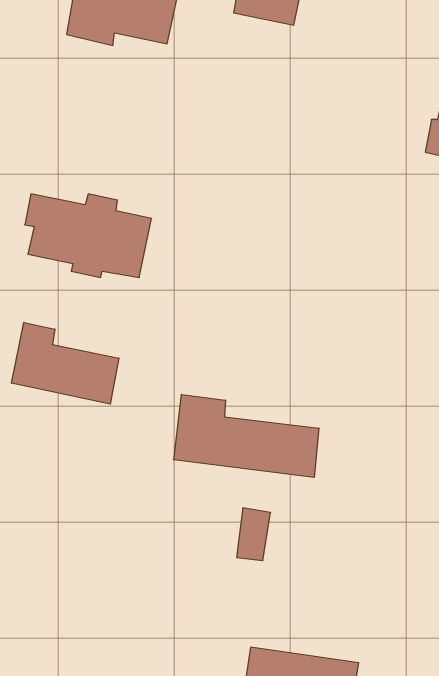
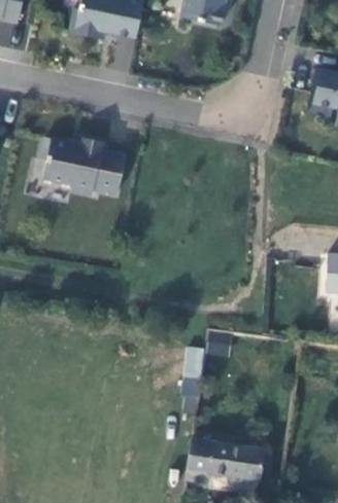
building: [12,322,119,404] -> none
building: [174,394,319,477] -> none

